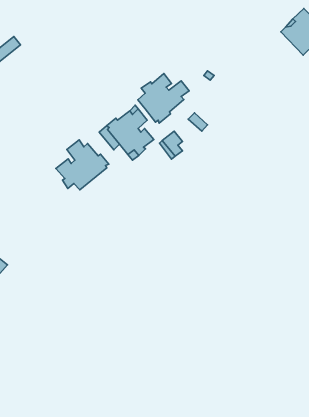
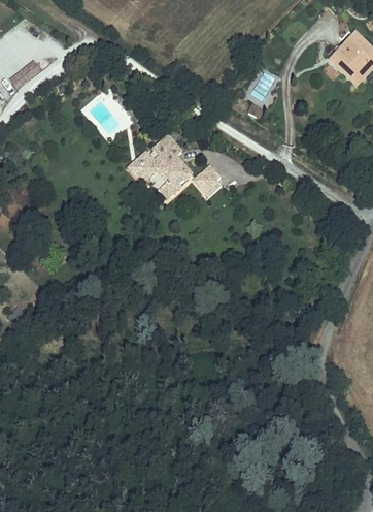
building: [138,73,189,123] -> none
building: [56,140,109,190] -> none

